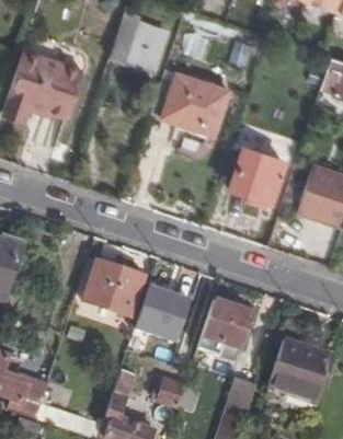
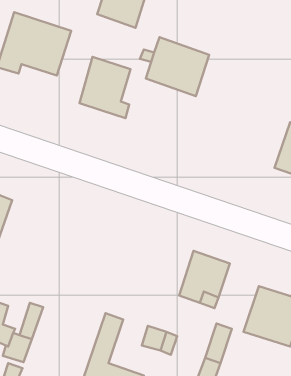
building: none -> [79,57,130,118]
building: [231,147,286,203] -> none
building: [81,261,141,315] -> none
building: [134,285,188,340] -> none

